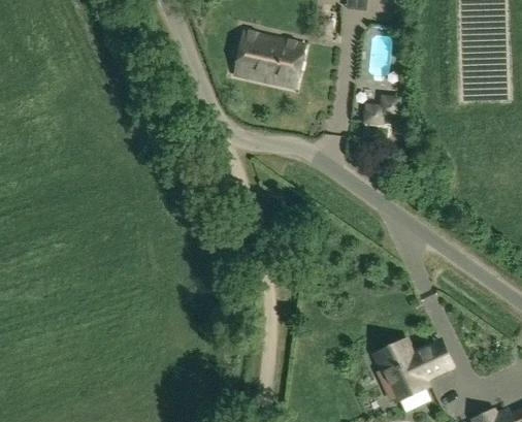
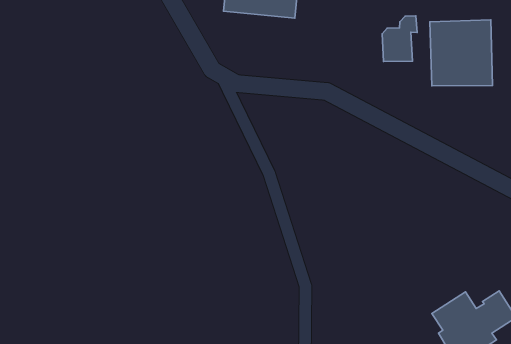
building: none -> [430,20,493,86]

